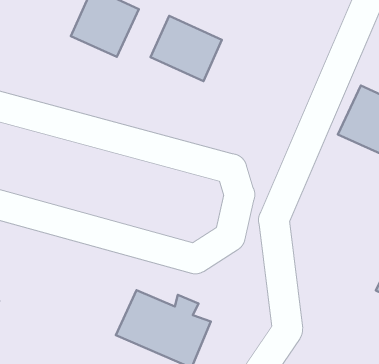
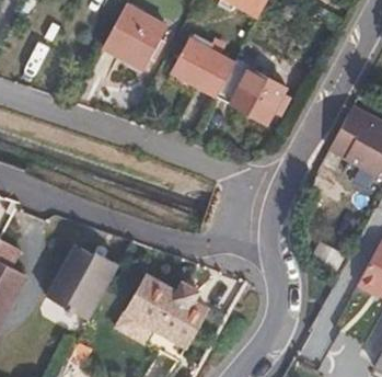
building: none -> [216,58,285,121]
building: none -> [46,244,118,318]

